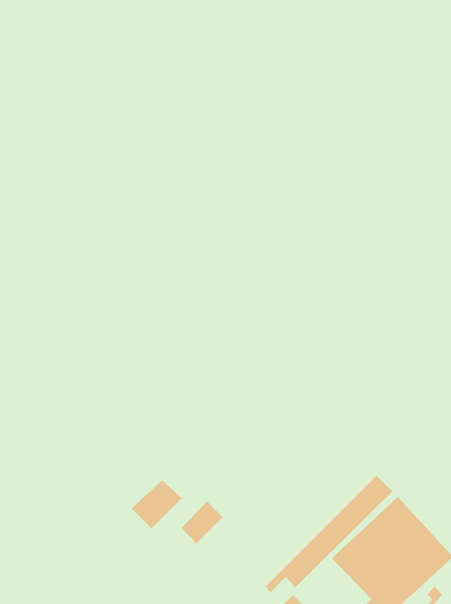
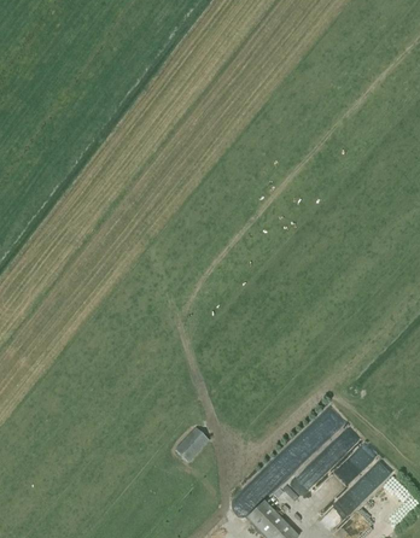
building: [131,479,183,529] -> none

